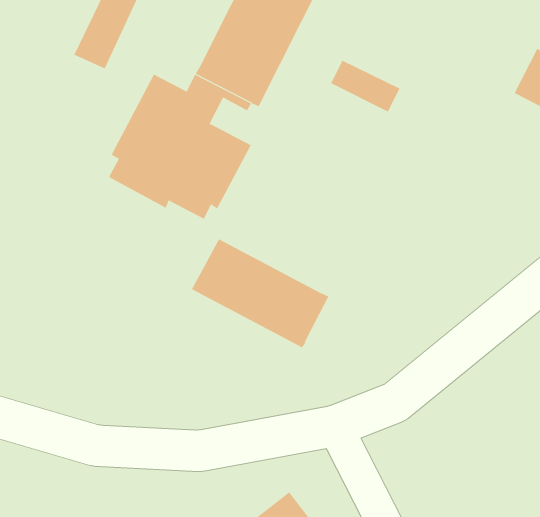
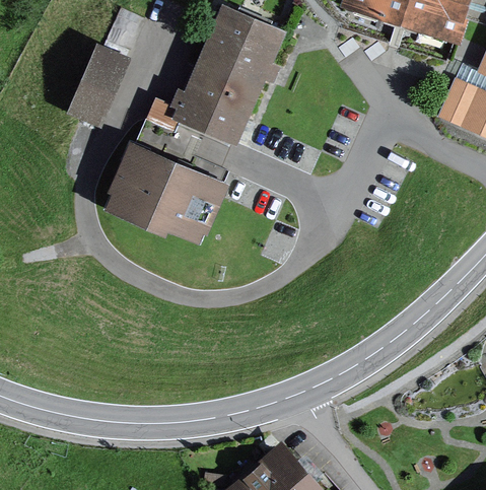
building: [331,60,400,112] -> none
building: [191,238,329,348] -> none

